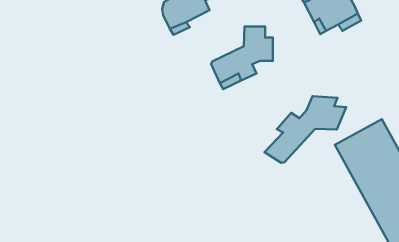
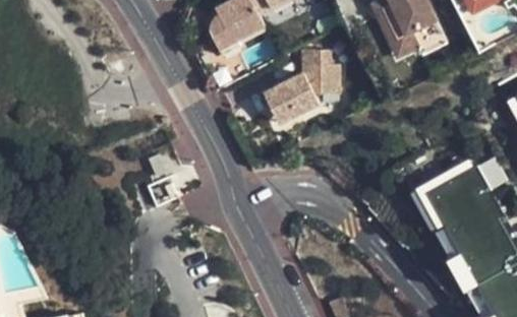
building: [265,96,346,163] -> none

